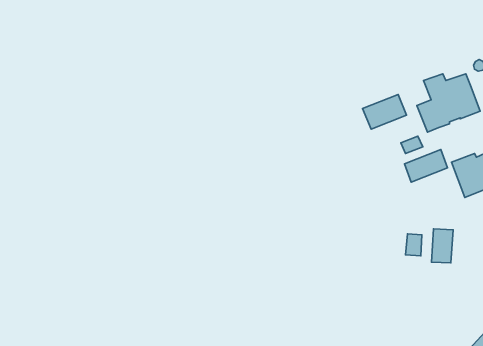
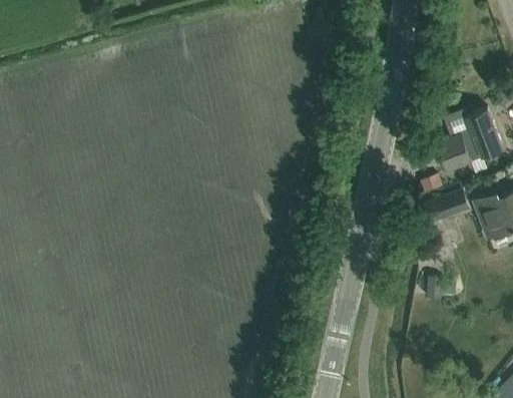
building: [362,94,407,129] -> none
building: [431,229,453,263] -> none

